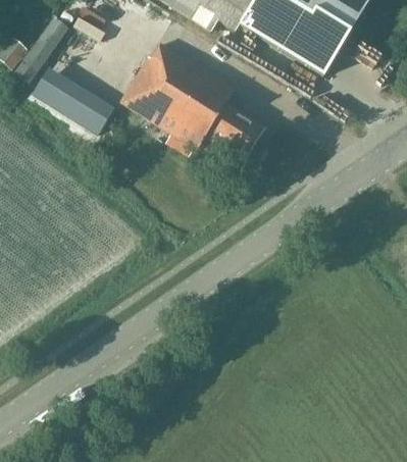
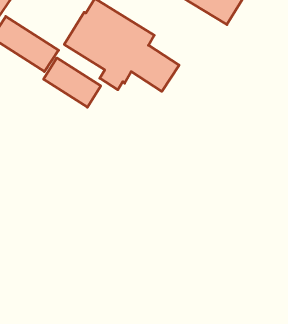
building: none -> [44,58,101,107]

